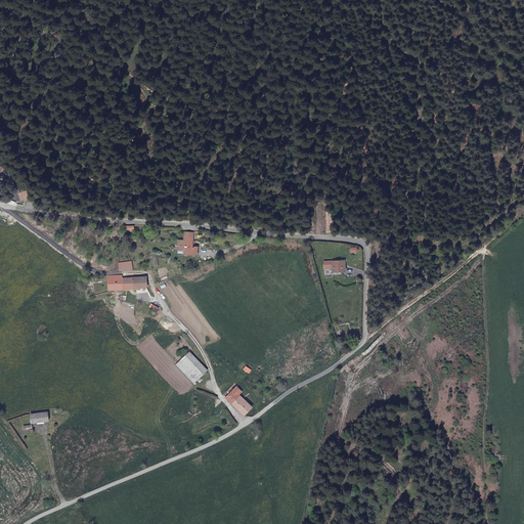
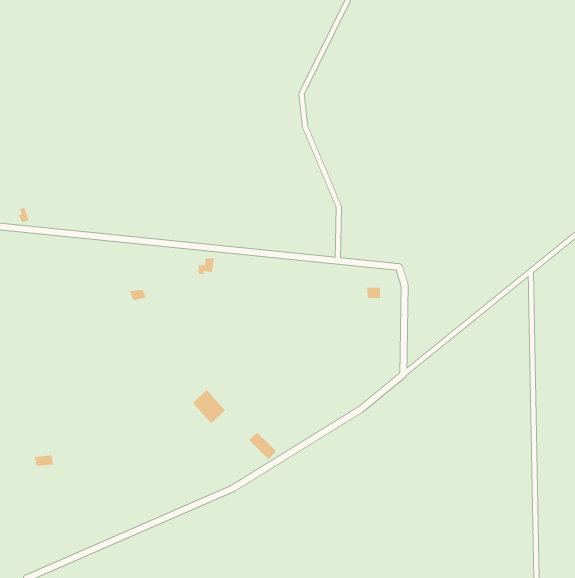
building: [106,274,147,290] -> none

